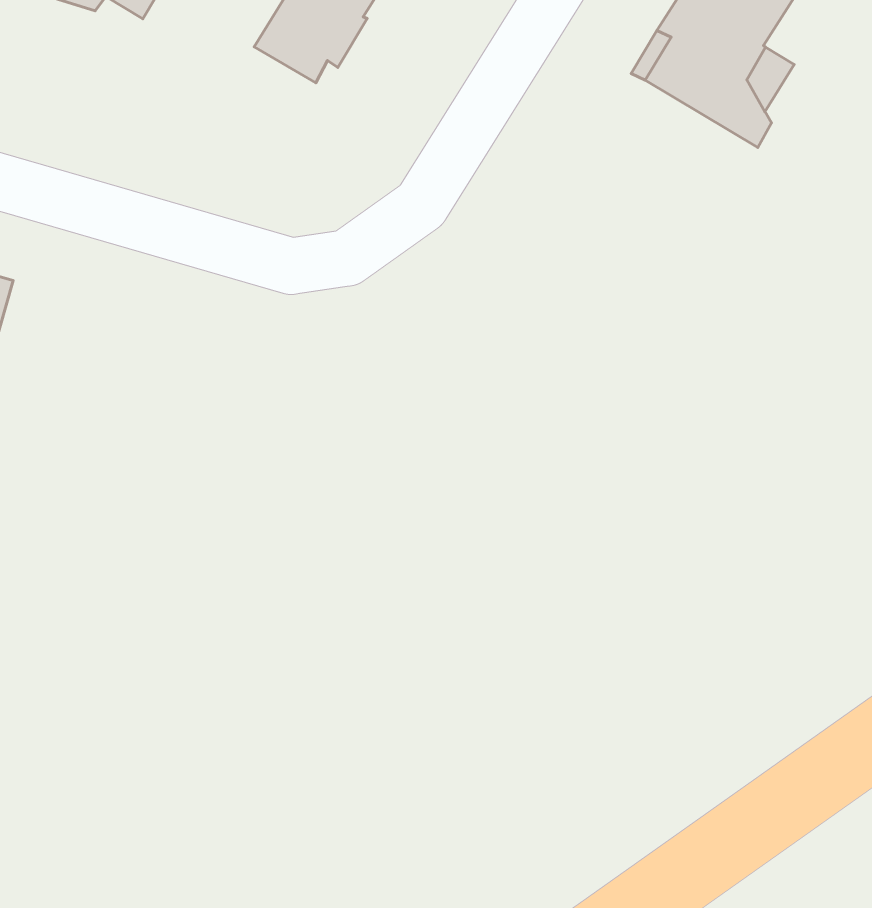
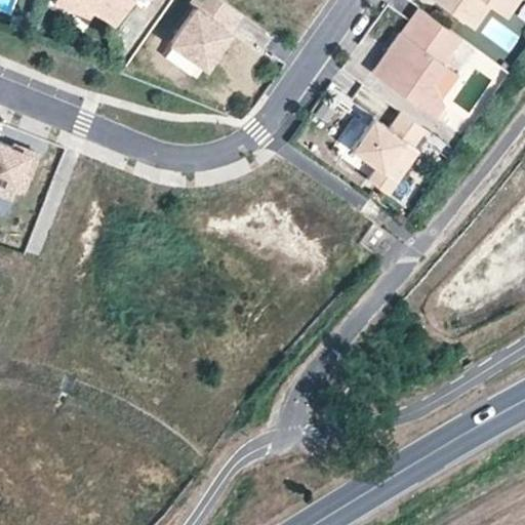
building: none -> [350,113,423,194]

